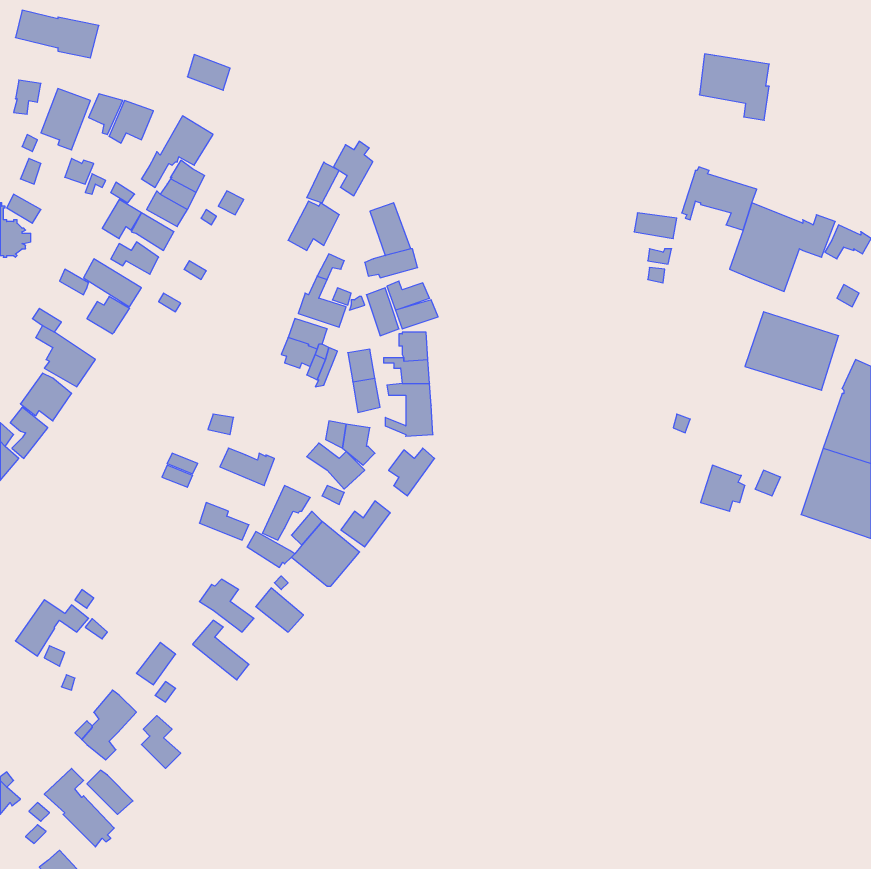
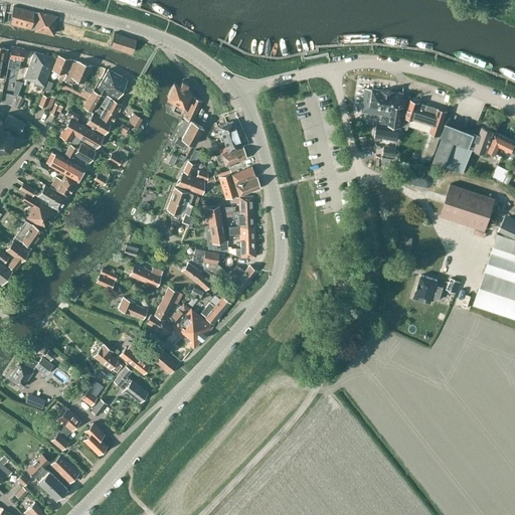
building: [699,54,769,120] -> [362,89,403,128]
building: [334,141,373,196] -> [166,81,189,114]
building: none -> [37,185,66,211]
building: none -> [93,345,121,372]

